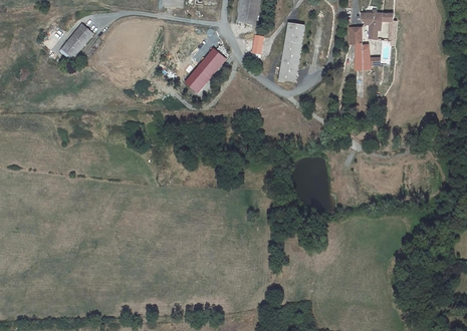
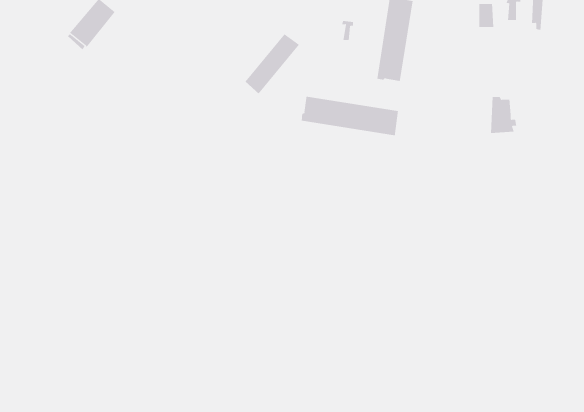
building: [355,44,374,70] -> [490,96,517,133]
building: none -> [301,96,399,136]

